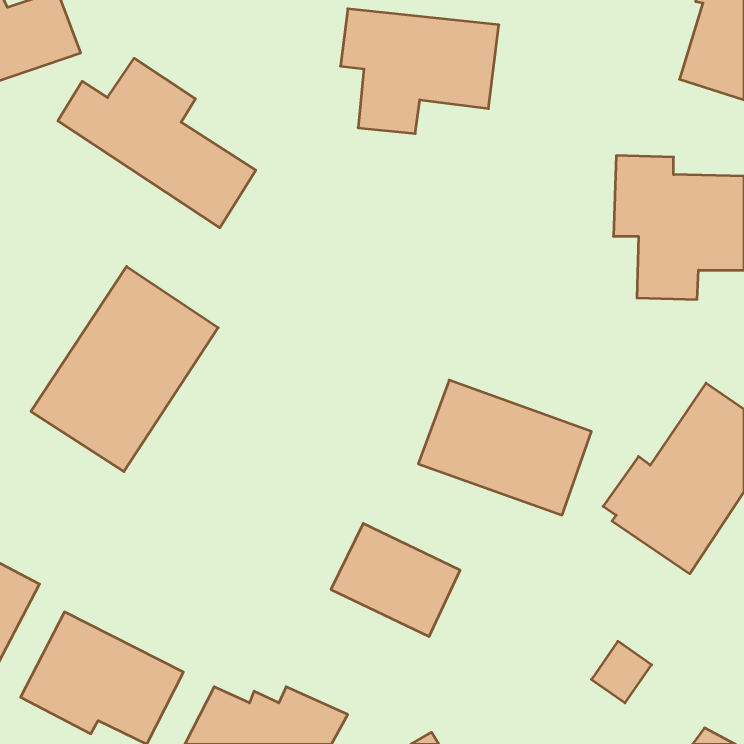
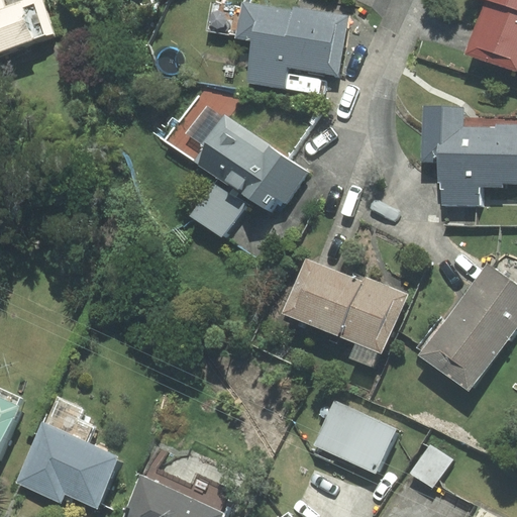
building: [58,58,256,228] -> none
building: none -> [166,91,307,240]
building: [31,266,218,472] -> none
building: [331,523,460,636] -> [312,399,401,477]

